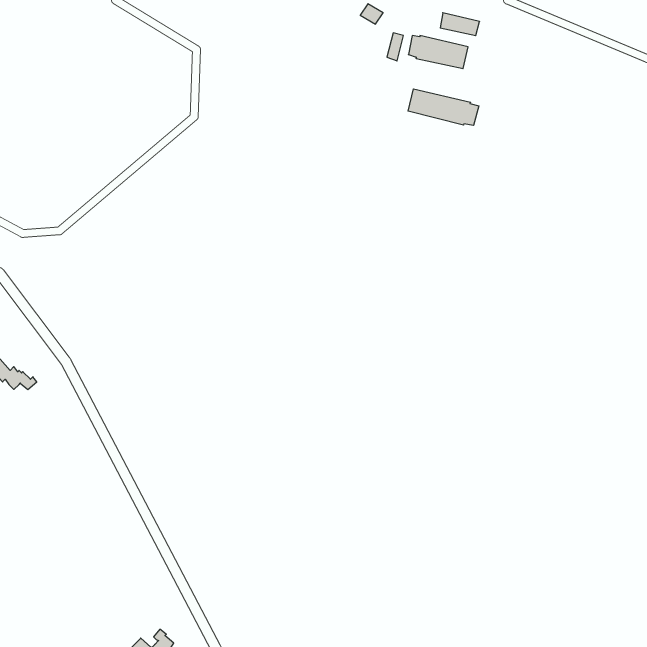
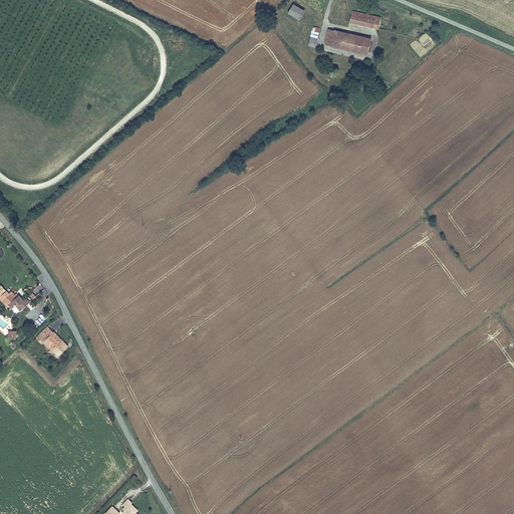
building: [408,89,479,125] -> none
building: none -> [34,327,68,359]

